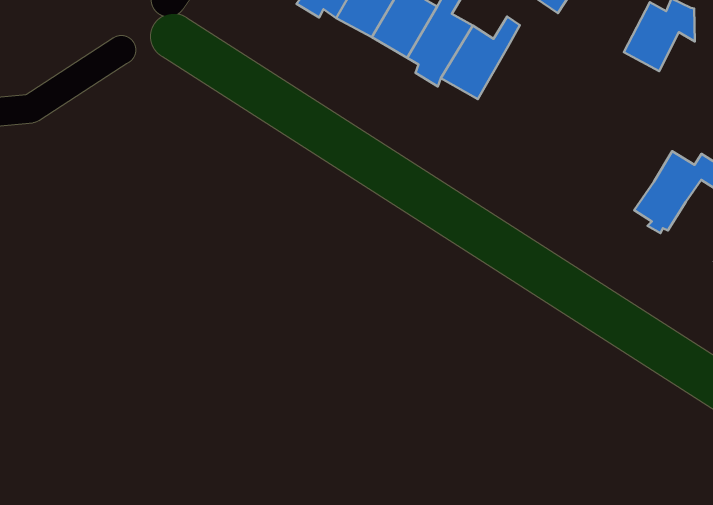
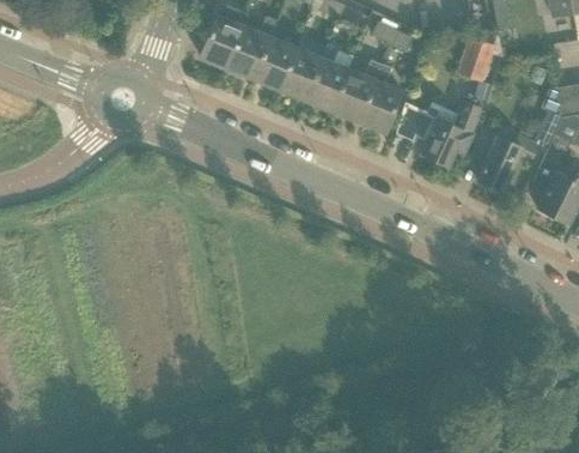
building: none -> [360,64,402,129]
building: none -> [397,99,482,167]

